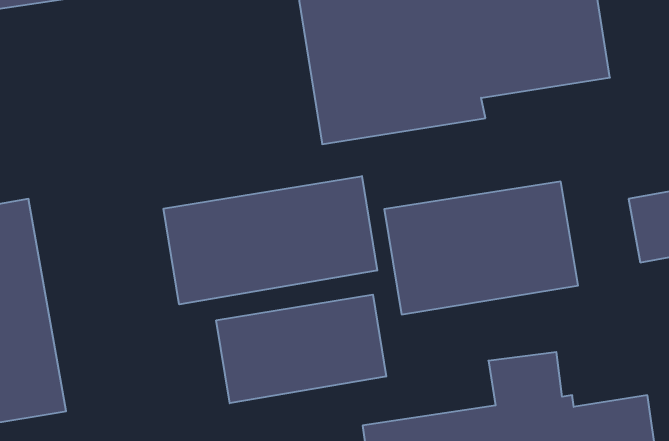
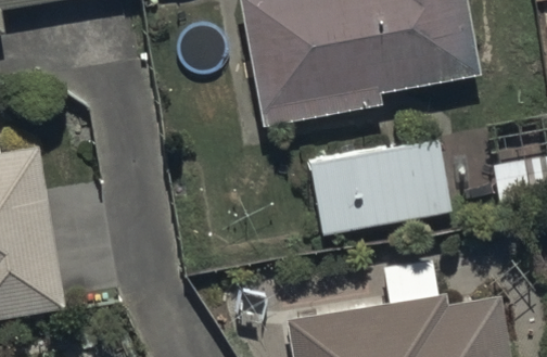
building: [164,176,377,304] -> none
building: [216,295,386,403] -> none

